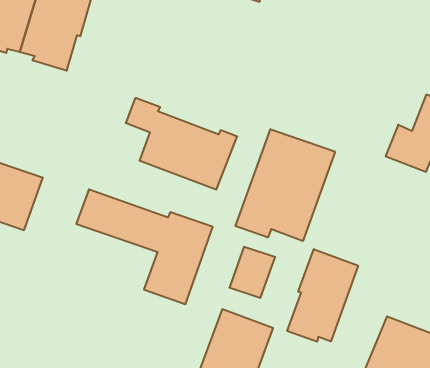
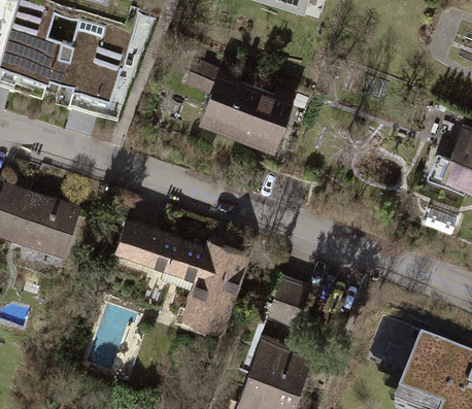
building: [126,98,237,190] -> [183,61,294,151]
building: [236,129,335,241] -> none
building: [287,249,358,342] -> none

